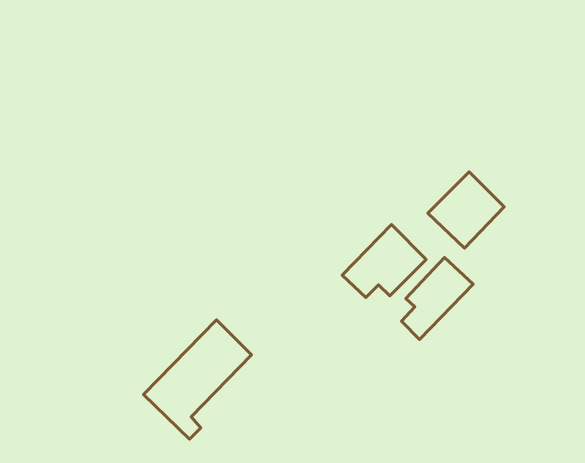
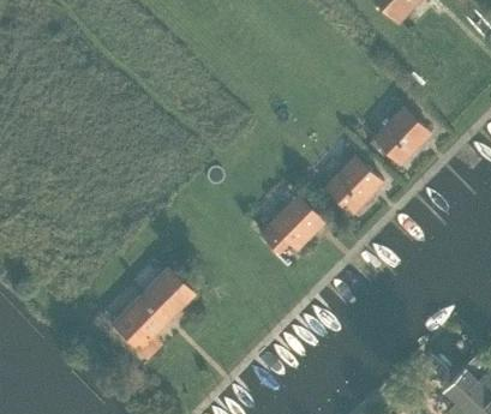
building: none -> [373,110,431,167]
building: [401,257,473,339] -> none

